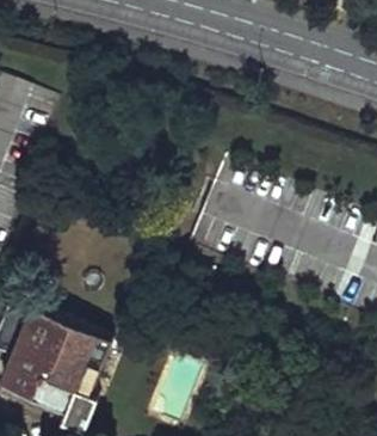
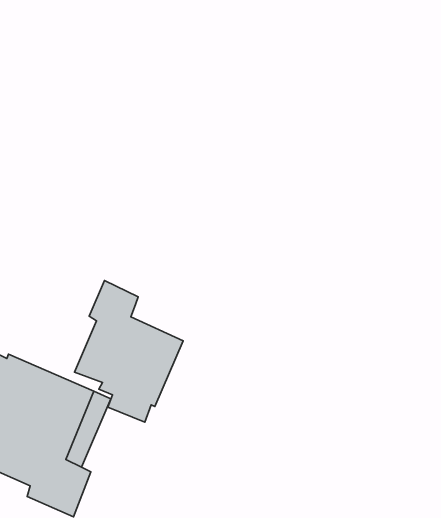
building: none -> [75,281,183,422]

